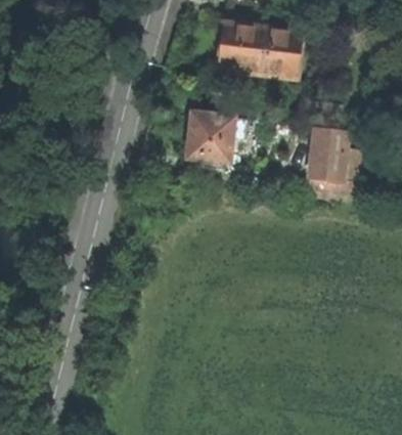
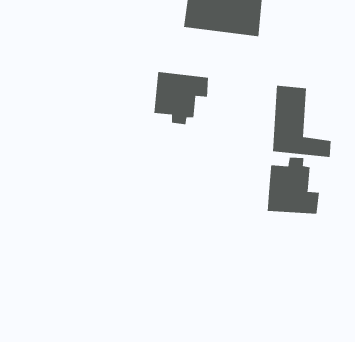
building: none -> [267,157,319,214]

